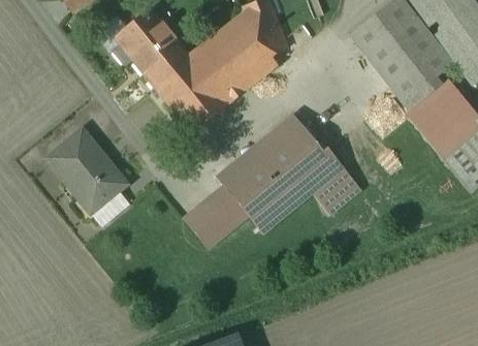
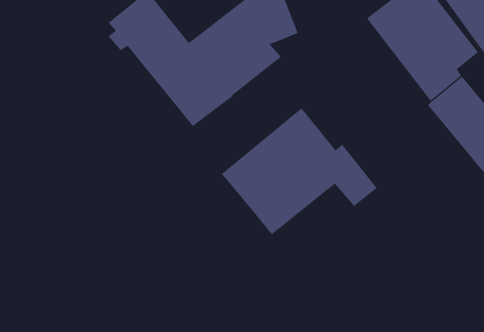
building: [46,130,126,213] -> none
building: [185,186,249,248] -> none

